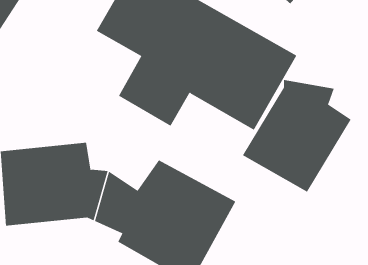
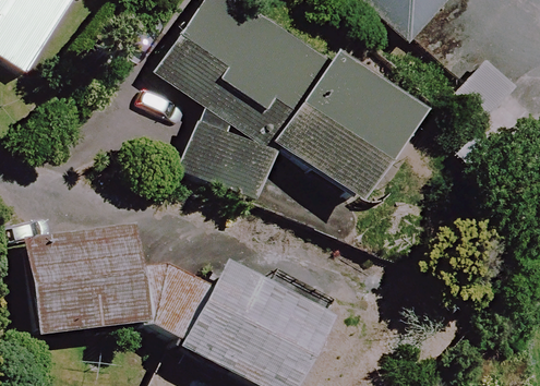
building: [242,79,351,192] -> none

